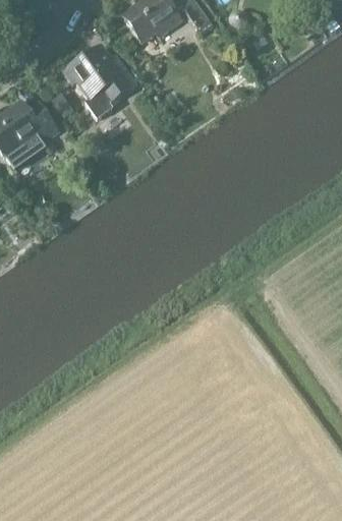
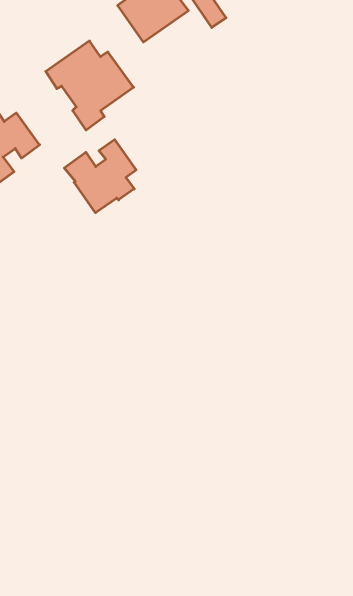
building: none -> [64,140,136,213]

